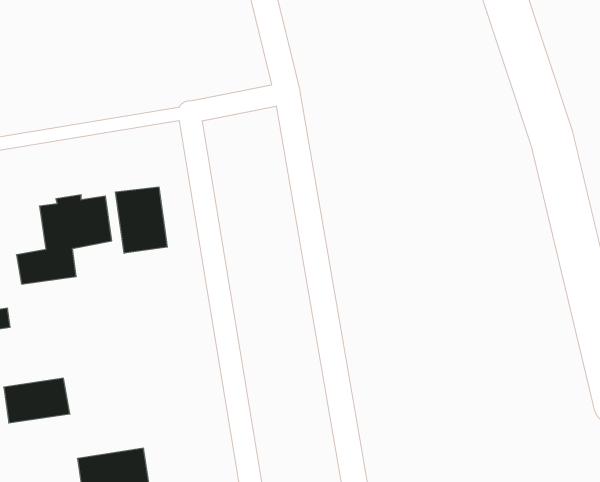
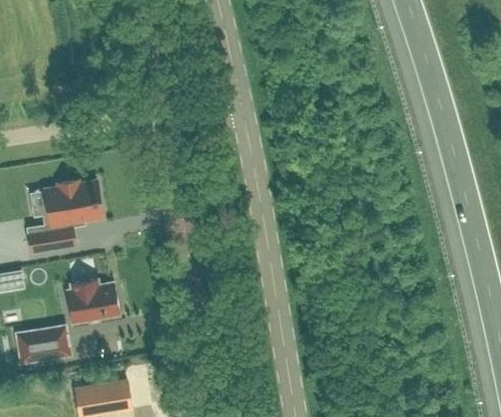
building: [116,187,167,253] -> none
building: none -> [65,278,119,322]

